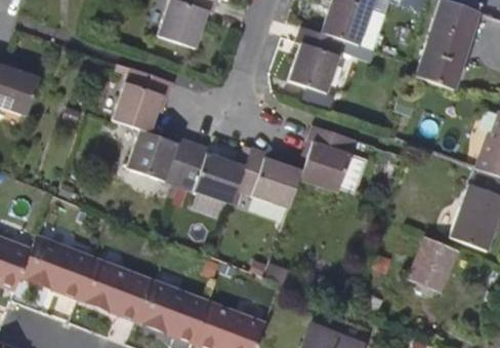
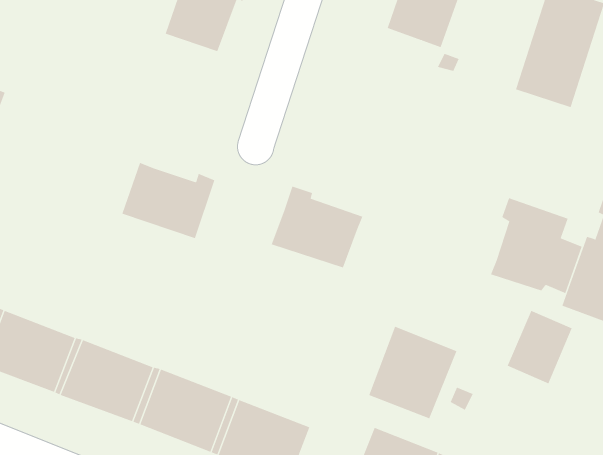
building: [289,23,346,91] -> none
building: [112,67,174,132] -> none
building: [299,122,367,193] -> [490,198,582,294]
building: [180,142,245,202] -> none
building: none -> [368,326,457,419]

